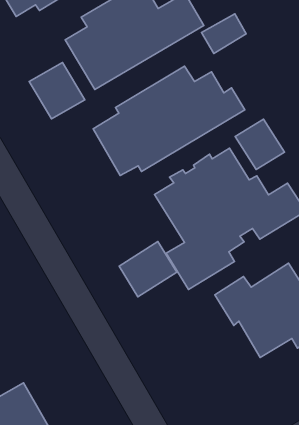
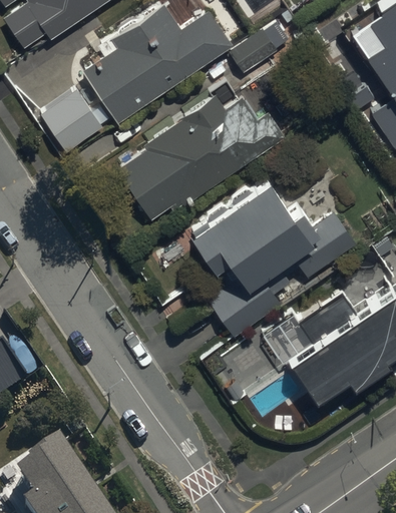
building: [235,119,285,170] -> none
building: [119,241,177,297] -> none

